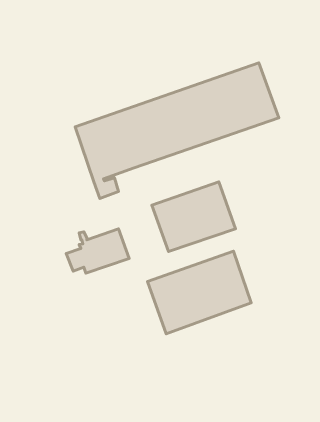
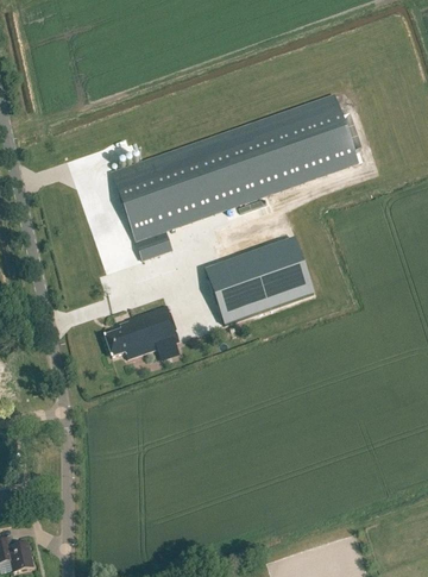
building: [148,251,251,334] -> none

